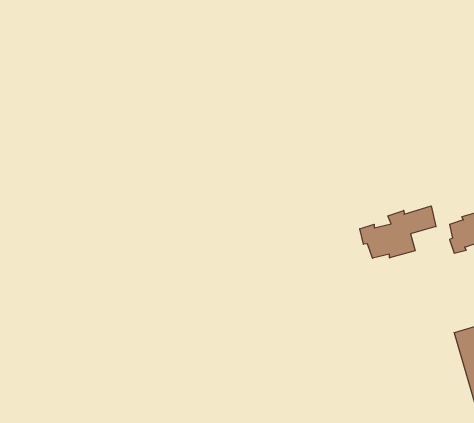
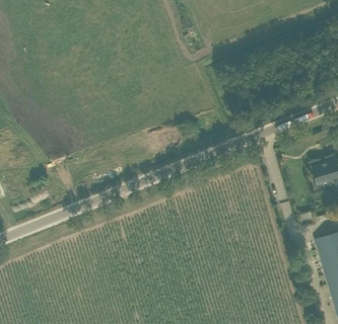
building: [360,206,436,258] -> none

